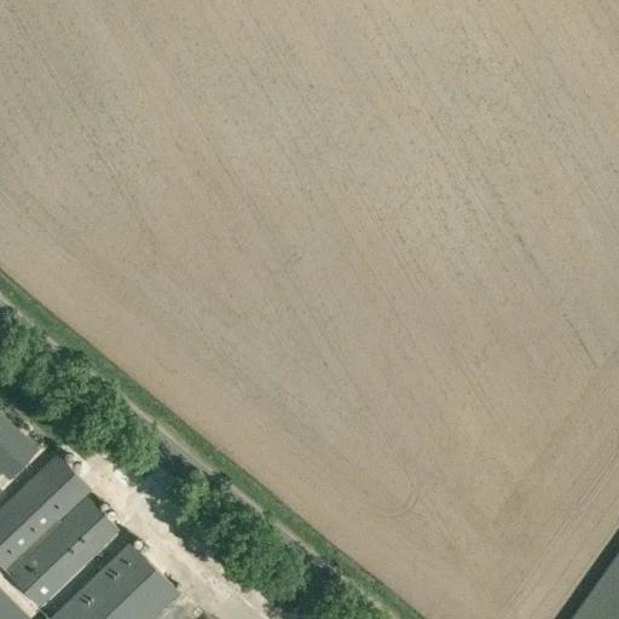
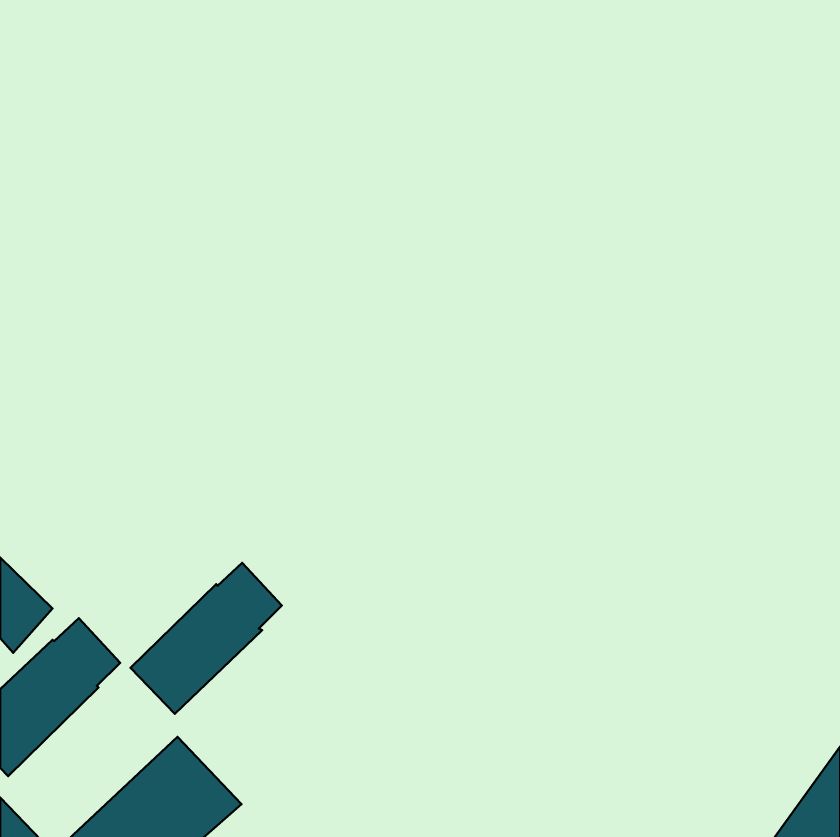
building: [7,498,118,609] -> [131,563,282,714]

